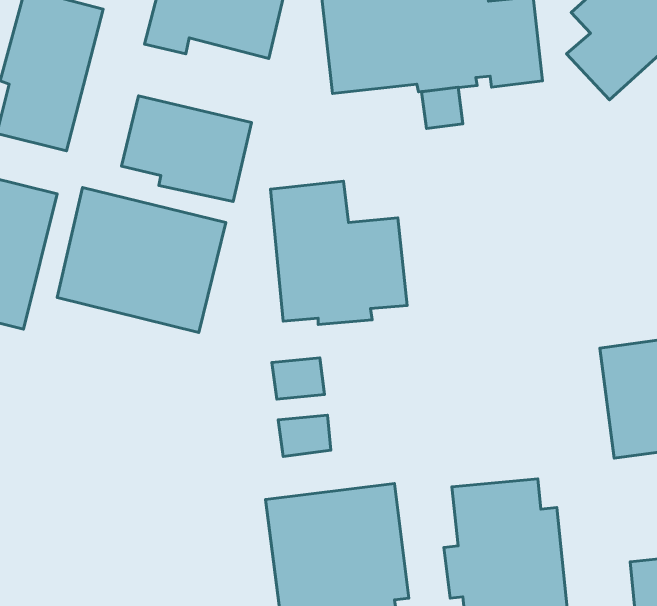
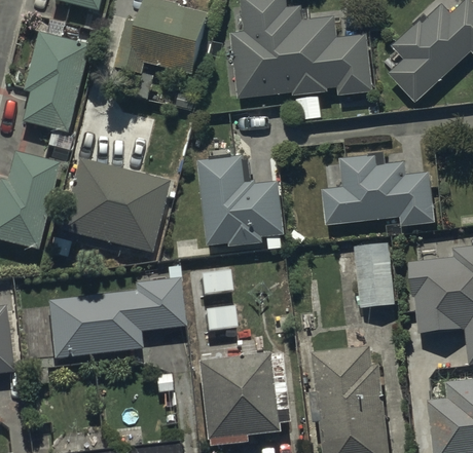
building: [121,96,252,202] -> none
building: none -> [322,153,436,226]
building: none -> [355,241,397,307]
building: none -> [46,278,184,360]

